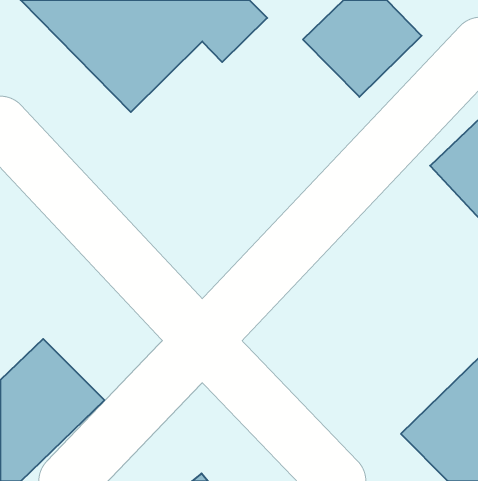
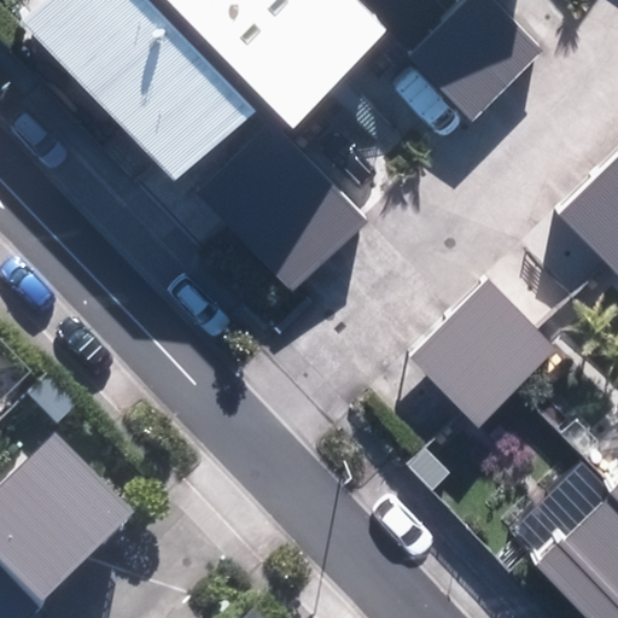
building: none -> [202,119,374,298]
building: none -> [403,287,547,431]

